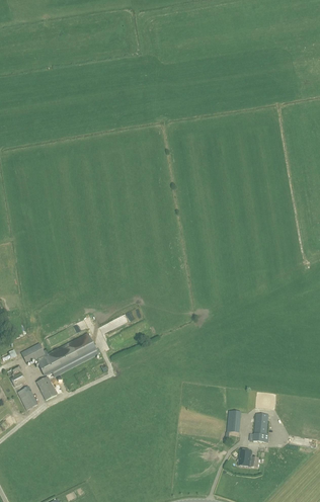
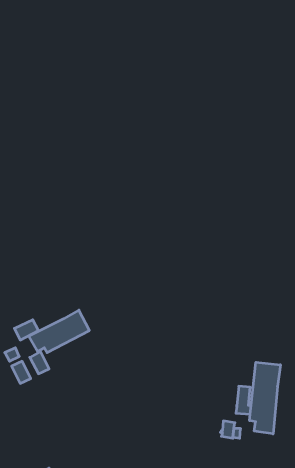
building: none -> [250,362,280,434]

